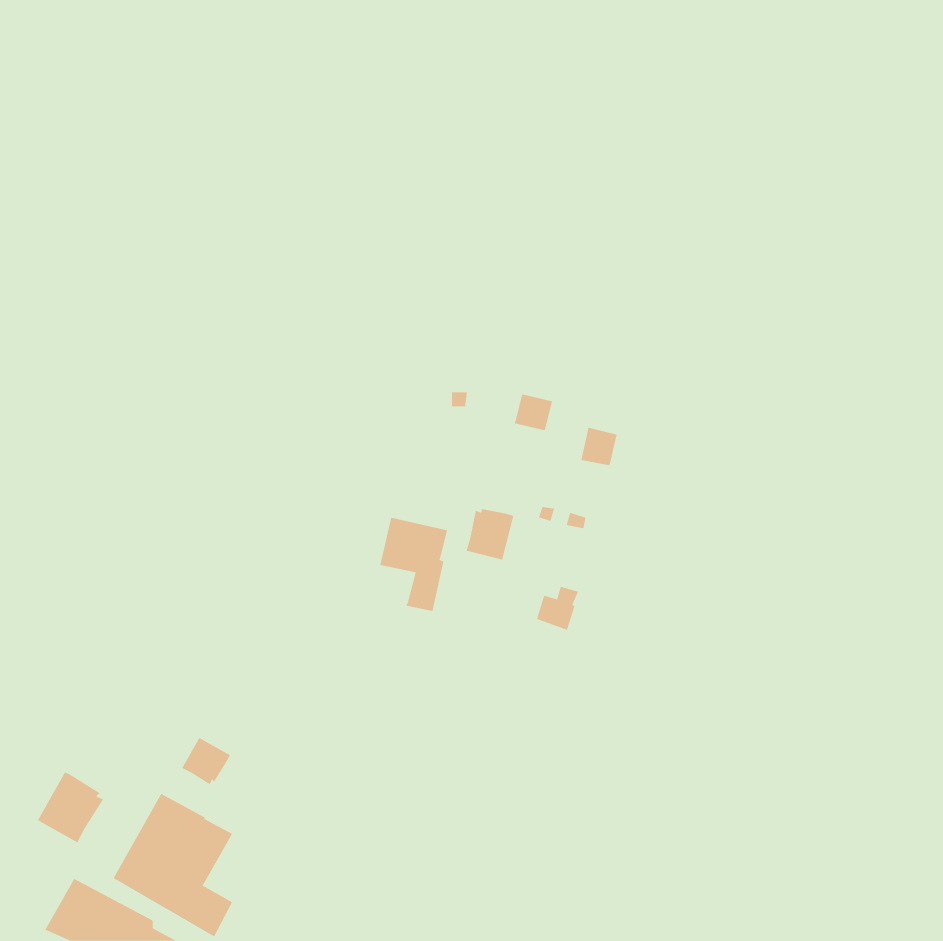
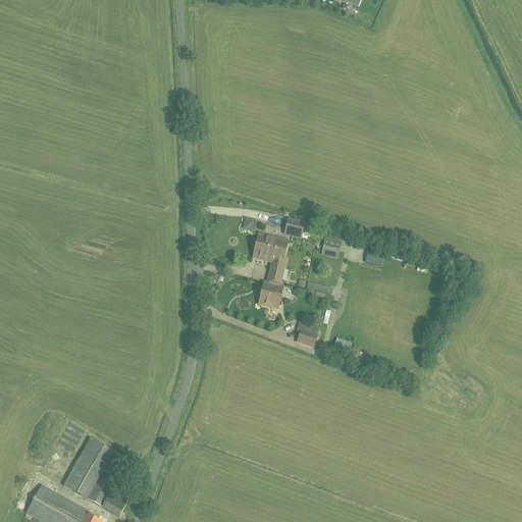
building: [380,517,448,611] -> [251,231,289,283]
building: [181,737,231,785] -> none
building: [37,772,104,843] -> none

